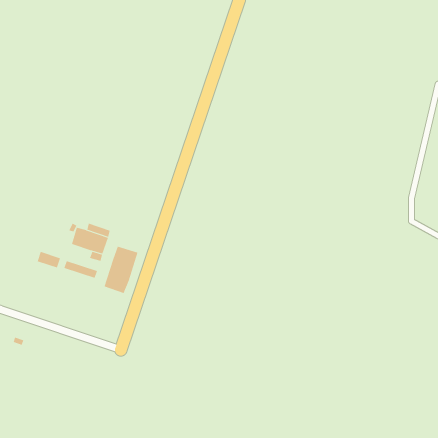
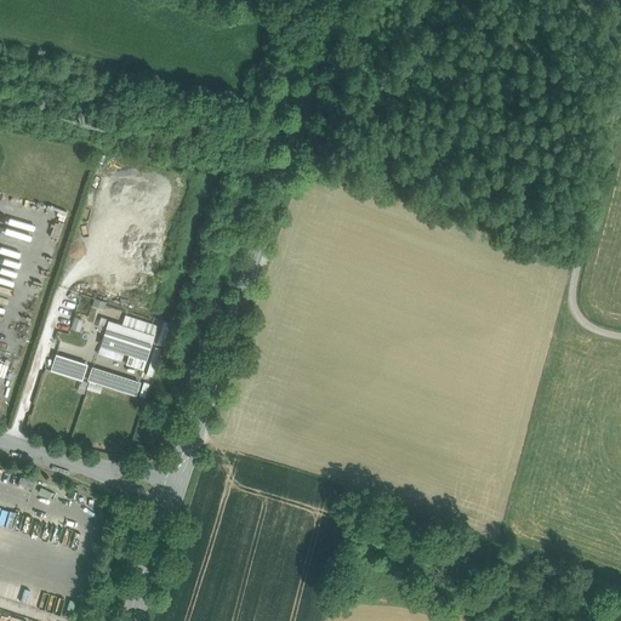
building: [104,246,138,294] -> none

